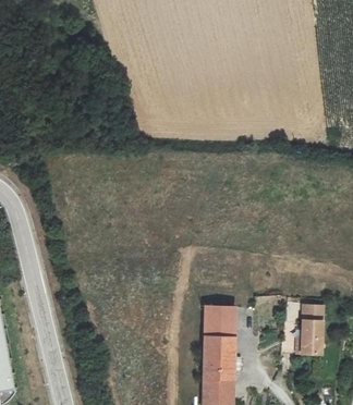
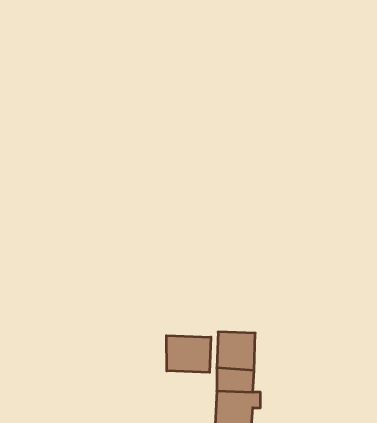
building: [302,306,324,356] -> none
building: none -> [166,336,211,372]

